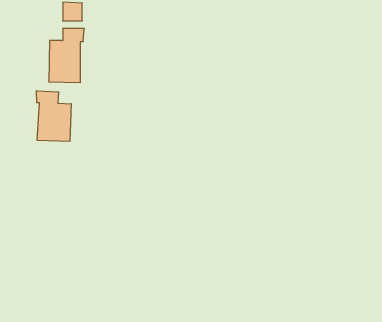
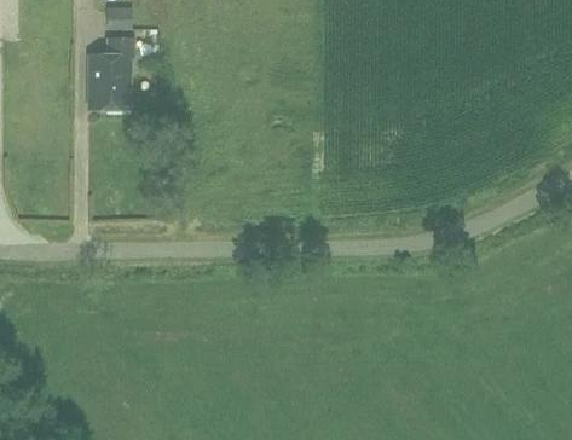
building: [37,91,71,141] -> none

